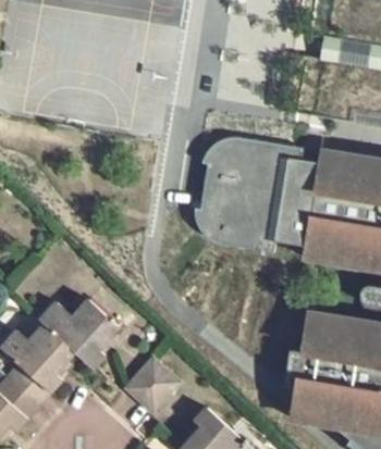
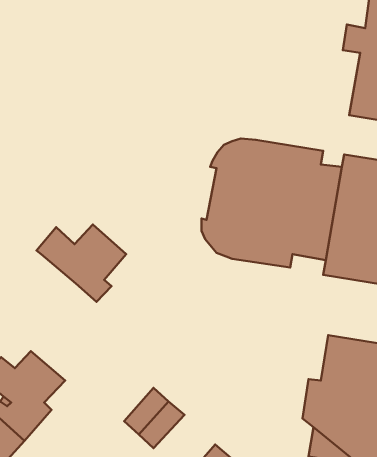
building: [39,300,119,369] -> [36,225,126,302]

